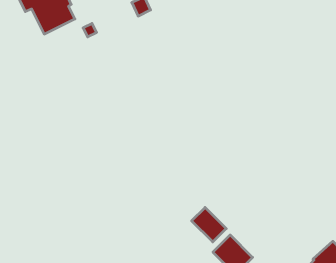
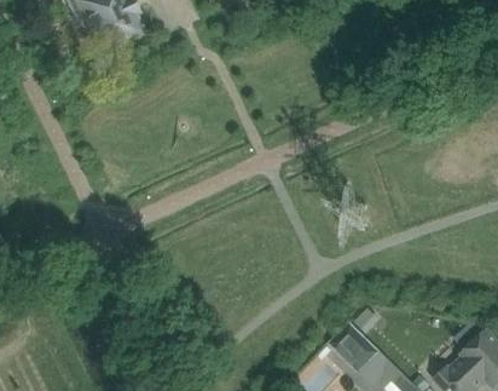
building: [192,207,226,242] -> none

